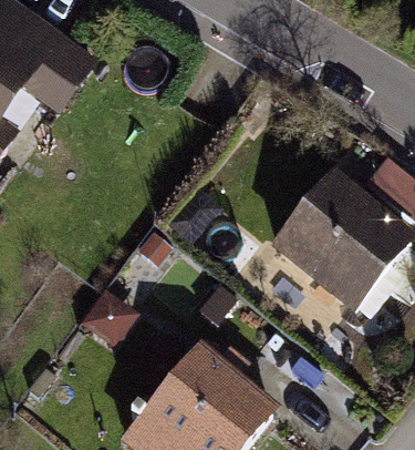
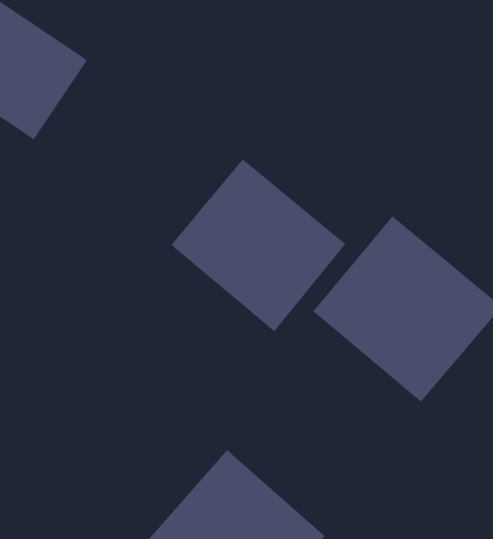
building: none -> [170,158,346,332]

